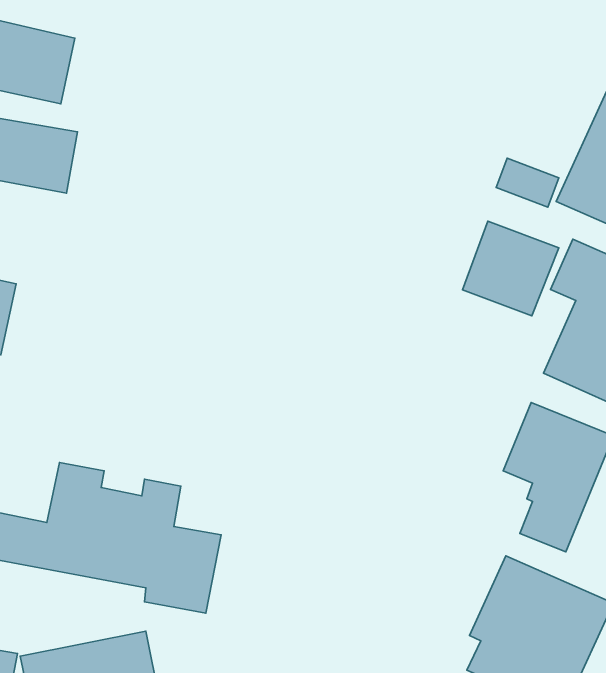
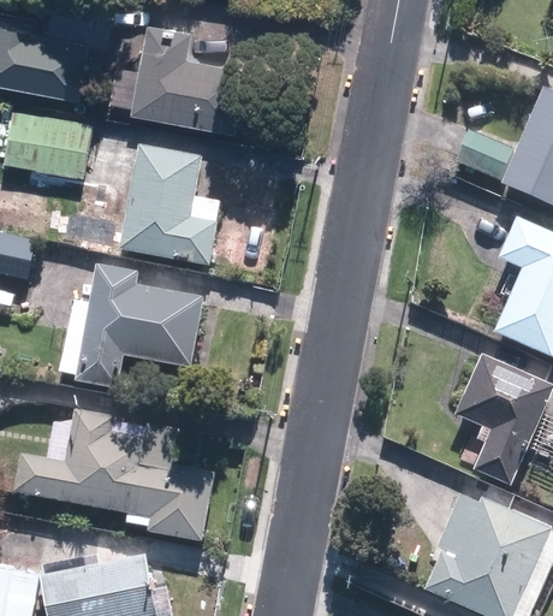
building: none -> [131,19,246,130]
building: none -> [119,146,219,265]
building: [462,221,559,316] -> none
building: none -> [76,262,204,387]

